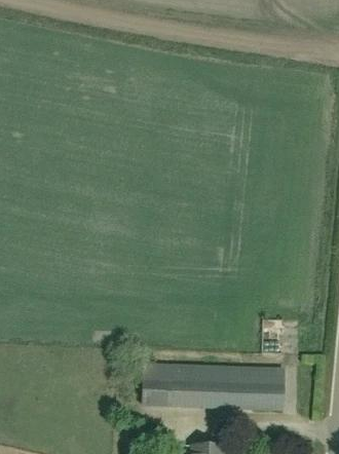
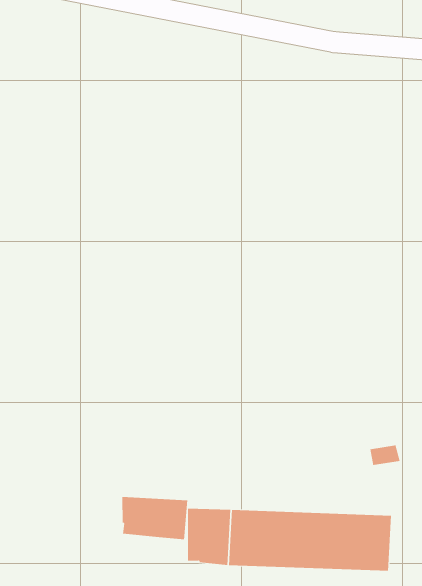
building: none -> [122,496,188,540]

